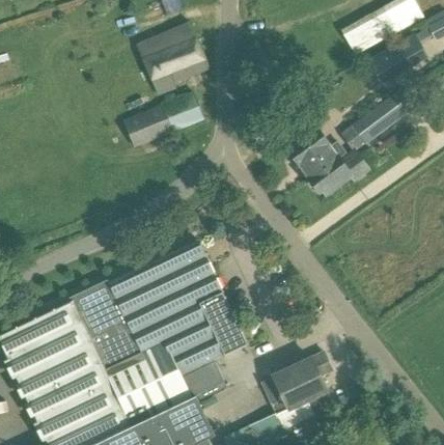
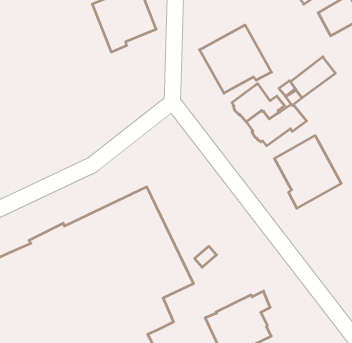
building: none -> [199,25,272,93]
building: [123,92,202,147] -> none
building: none -> [274,136,341,208]

